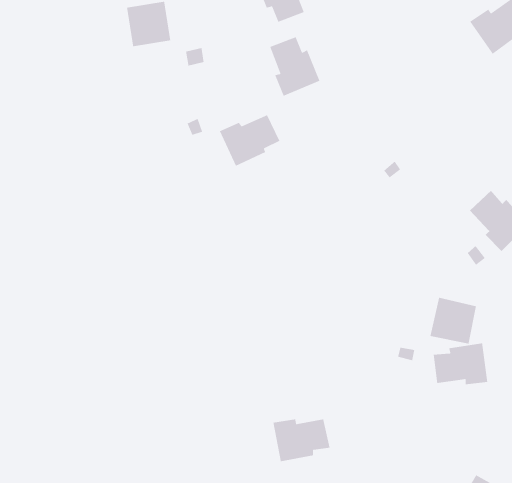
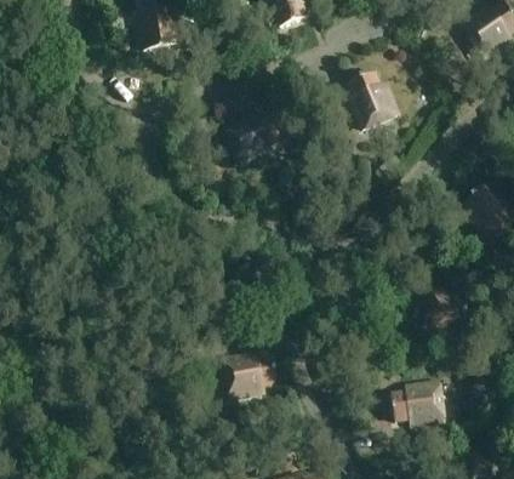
building: [269,36,320,97] -> [349,70,398,127]
building: [433,343,488,385] -> [392,381,444,421]
building: [273,418,330,462] -> [224,354,279,395]

